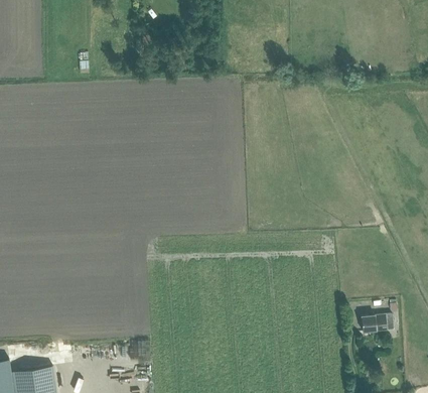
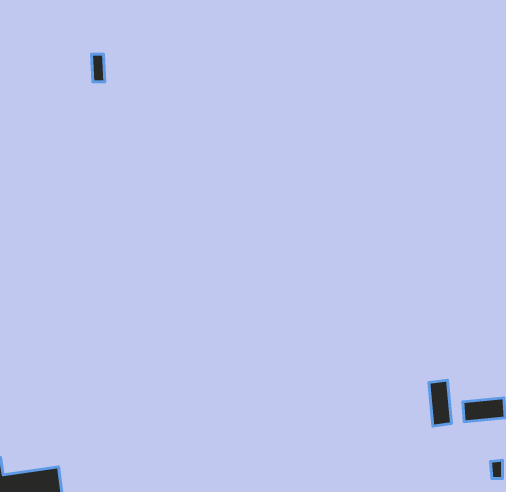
building: none -> [429,380,452,426]

